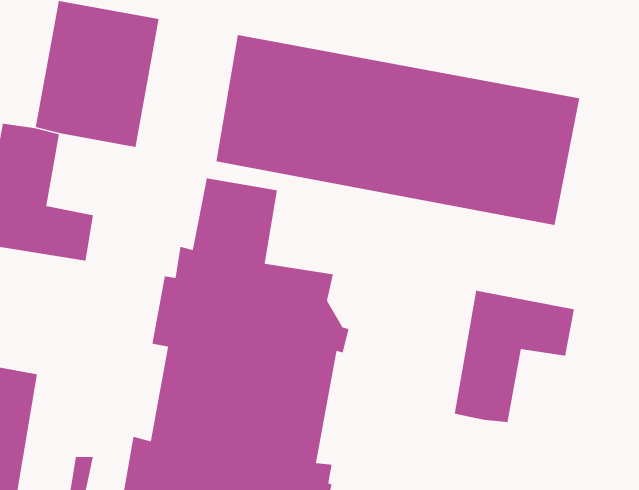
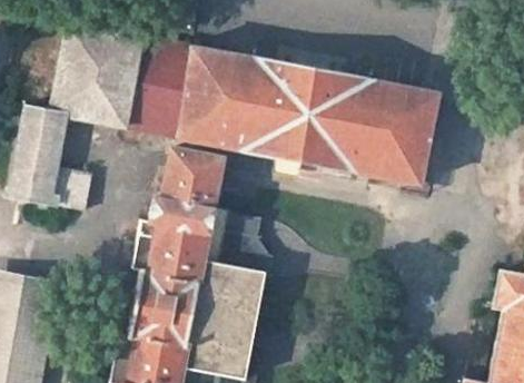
building: none -> [122,36,195,138]
building: [454,290,575,423] -> none

